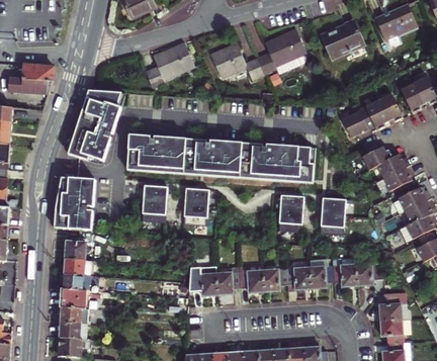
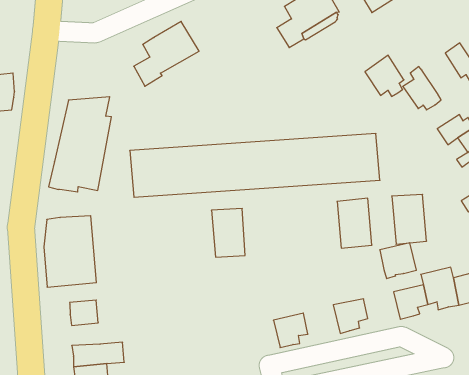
building: [207,43,260,80] -> none
building: [357,96,385,127] -> [365,55,404,96]
building: [141,185,166,222] -> none
building: [65,259,92,276] -> none
building: [242,265,267,295] -> none
building: [191,268,221,300] -> none
building: [288,269,314,293] -> [380,243,416,279]

